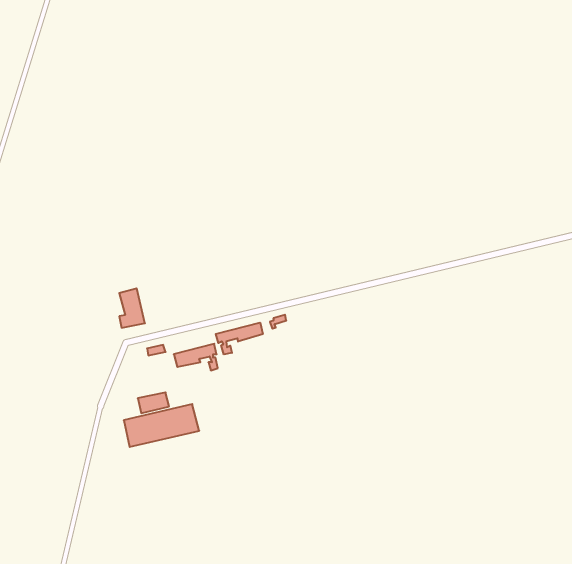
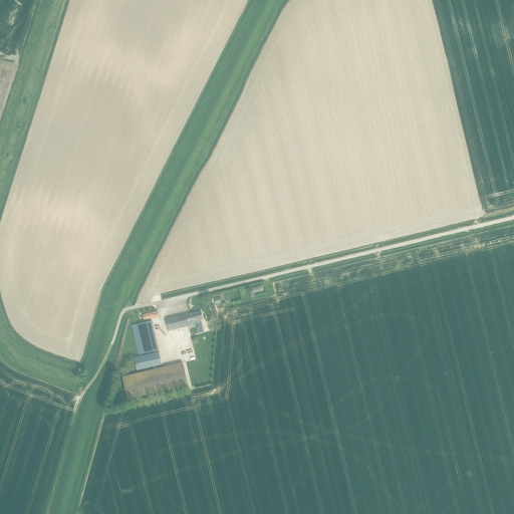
building: [119,288,145,328] -> [135,319,157,353]
building: [216,323,263,354] -> none

